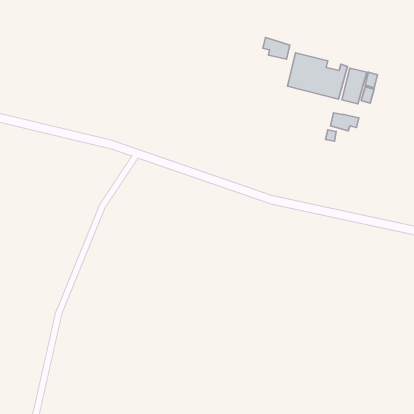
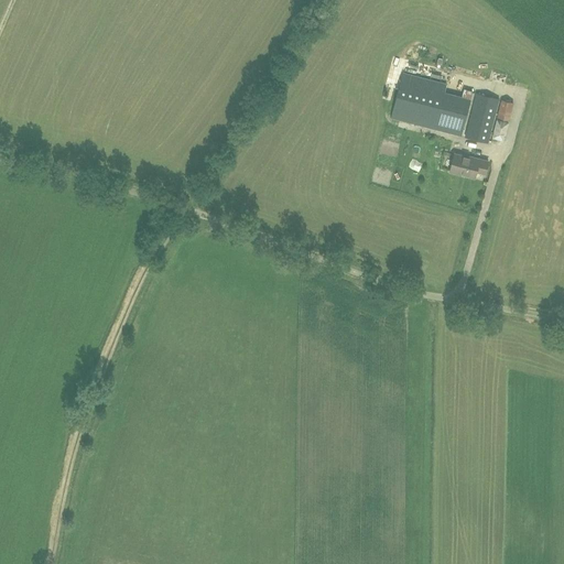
building: [263,38,290,59] -> none

